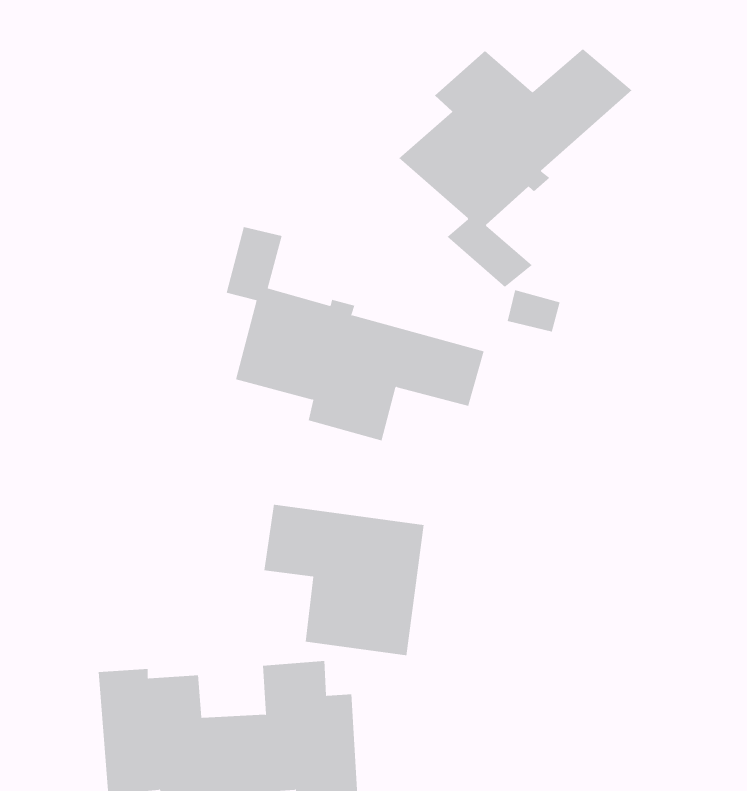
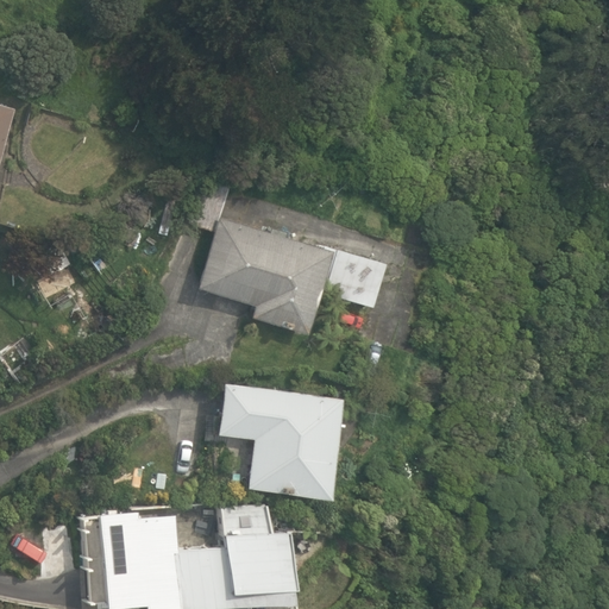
building: [398,48,633,288] -> none

